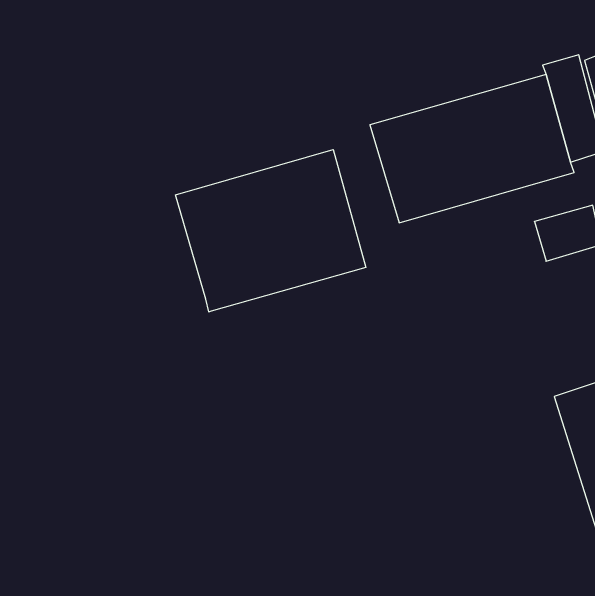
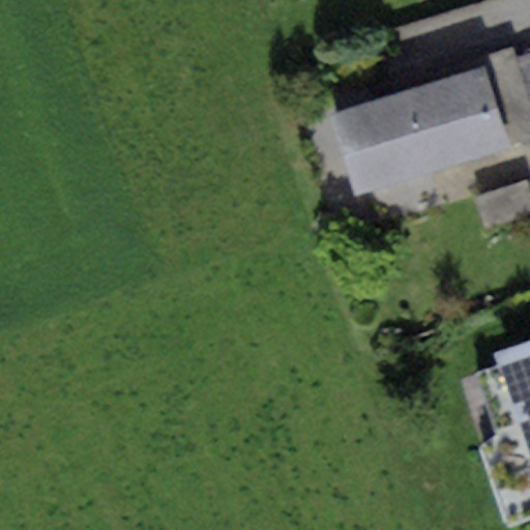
building: [175,150,366,312] -> none

